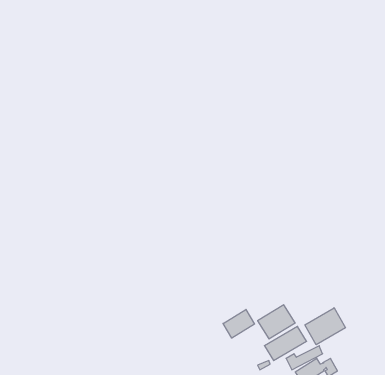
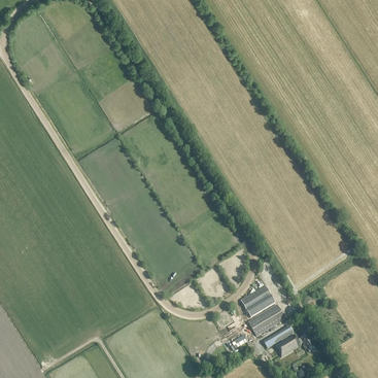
building: [305,308,345,345] -> none
building: [223,309,255,338] -> none

